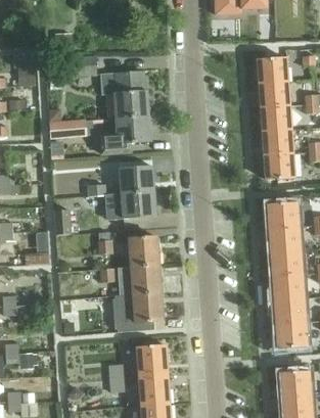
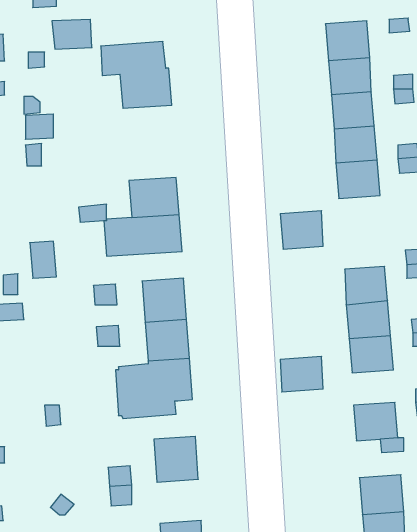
building: [96,114,151,154] -> none
building: [267,201,296,228] -> [280,211,323,249]
building: [274,297,304,322] -> [280,356,323,392]
building: [139,373,170,404] -> none

